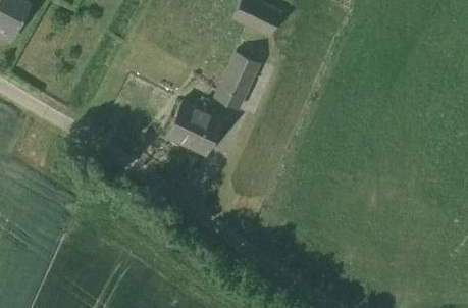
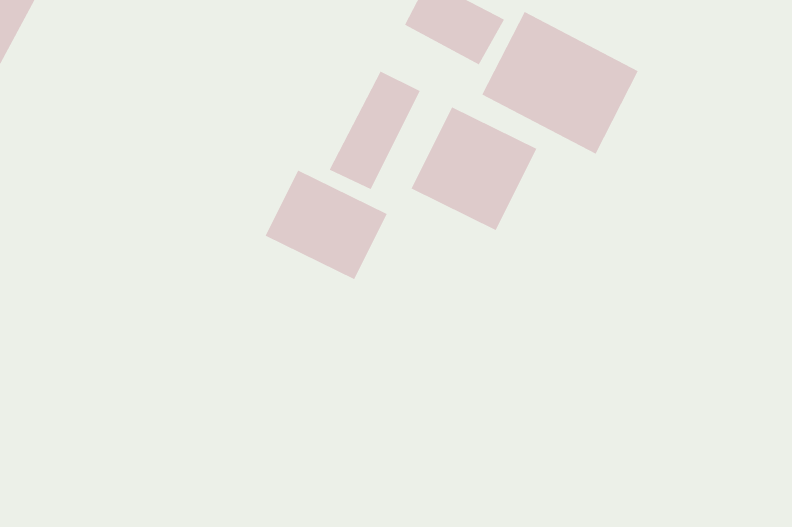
building: none -> [482,11,639,155]
building: none -> [411,106,537,231]

